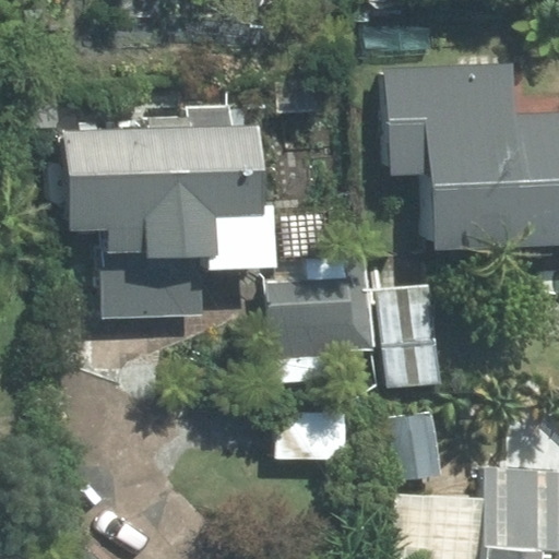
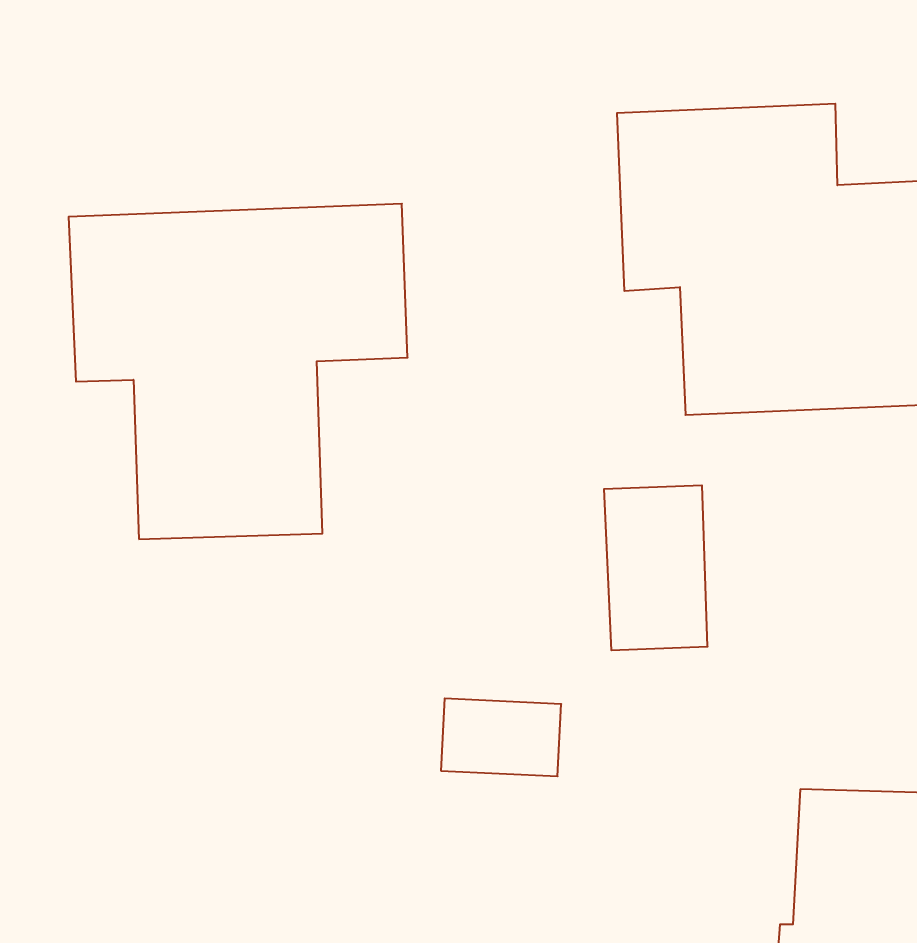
building: [266,275,371,353] -> none

